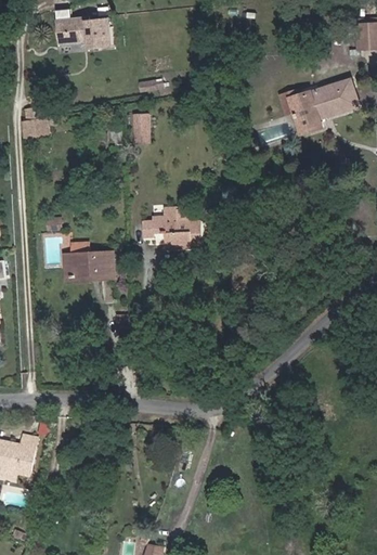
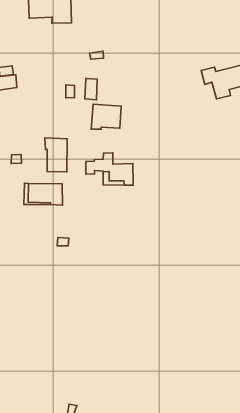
building: none -> [91,104,121,129]
building: none -> [45,138,67,172]

